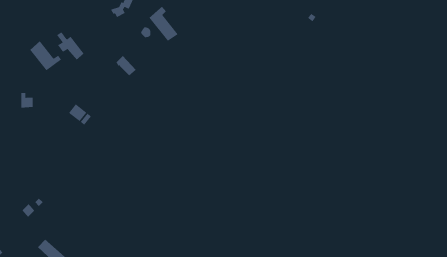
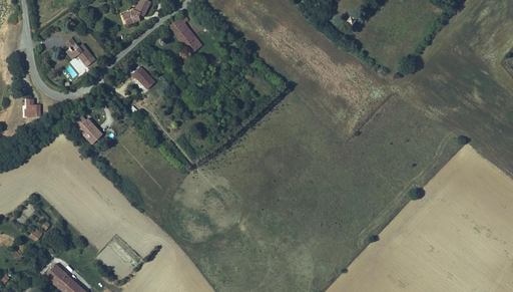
building: [30,40,62,71] -> none

